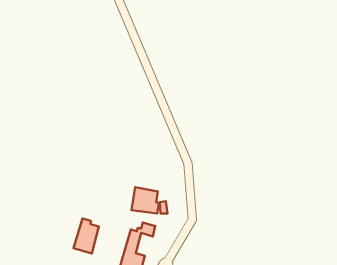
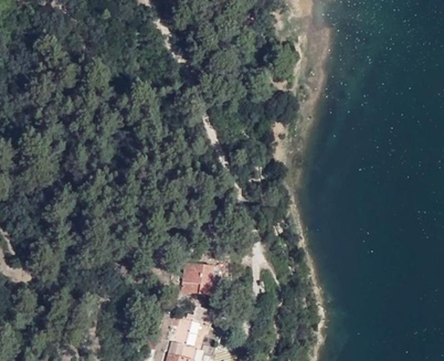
building: [74,219,99,253] -> none

